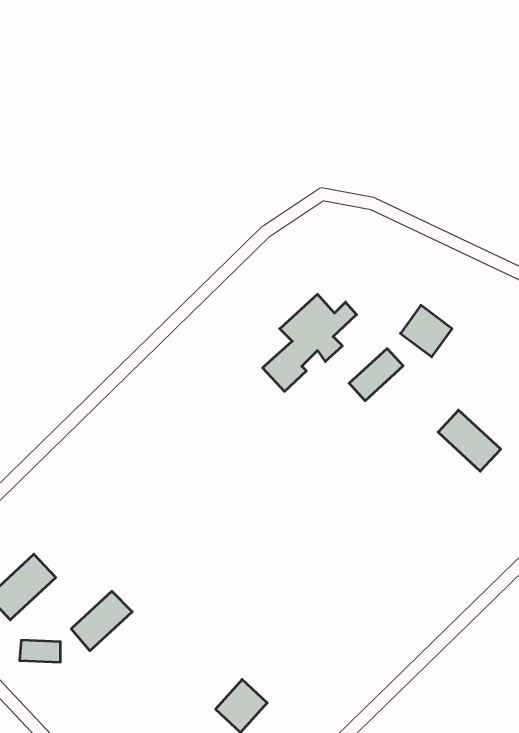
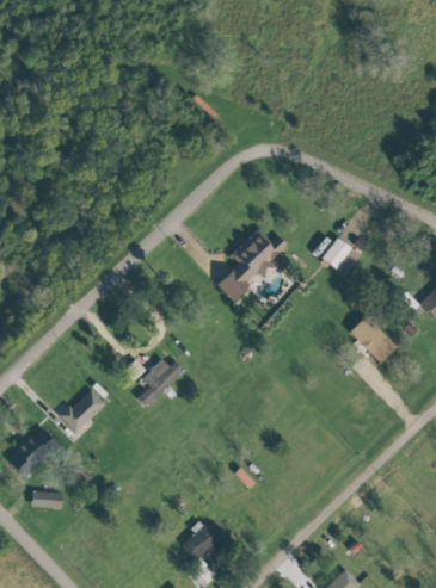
building: [349,349,403,401] -> none
building: none -> [136,360,184,406]
building: [71,591,132,651] -> [59,389,105,434]

